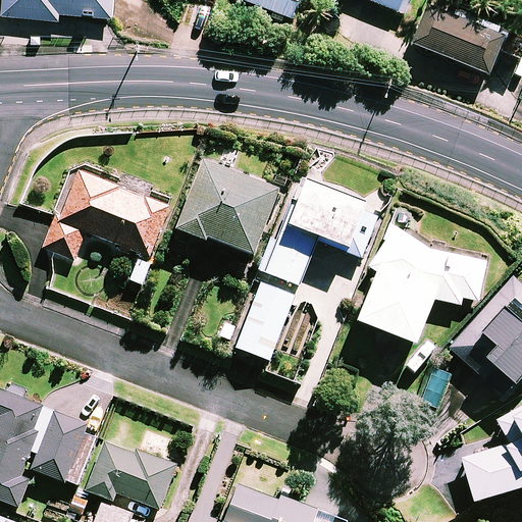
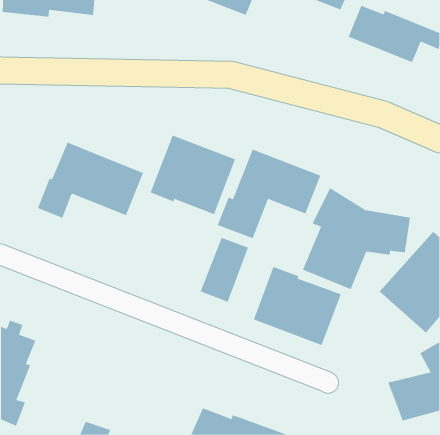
building: none -> [253,266,341,346]
building: [33,411,97,484] -> none
building: [88,439,176,507] -> none

